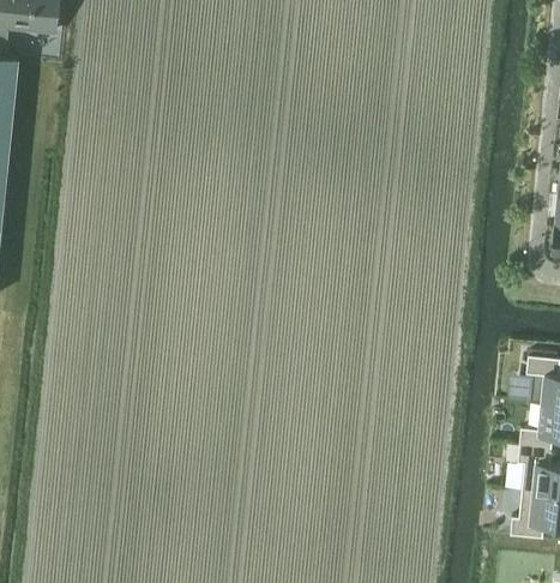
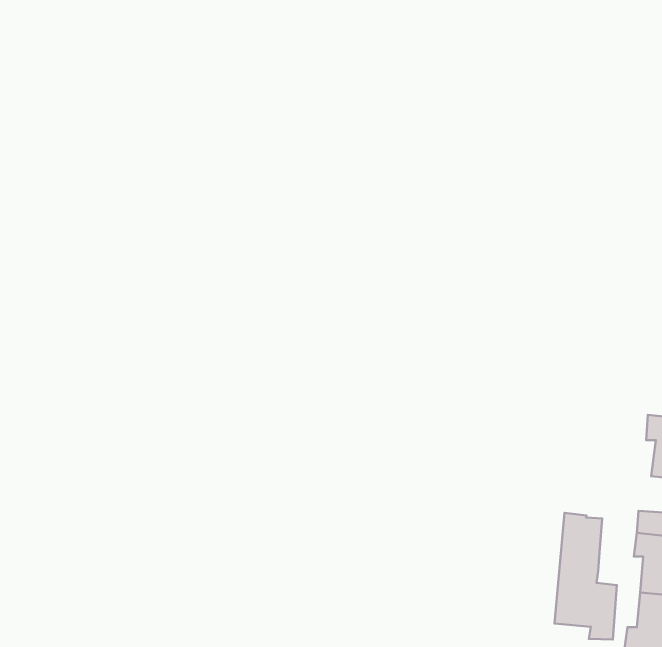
building: none -> [554,513,617,640]

